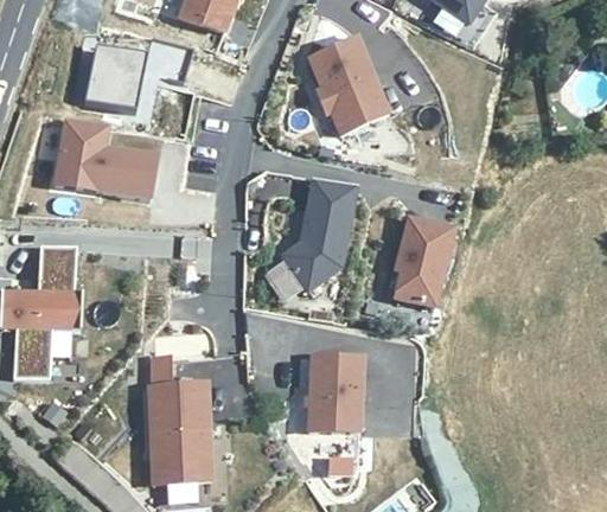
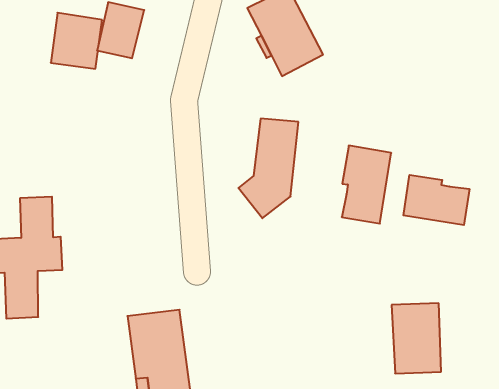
building: [53,119,154,197] -> none
building: none -> [403,175,469,225]
building: [308,354,363,433] -> [392,303,441,373]

